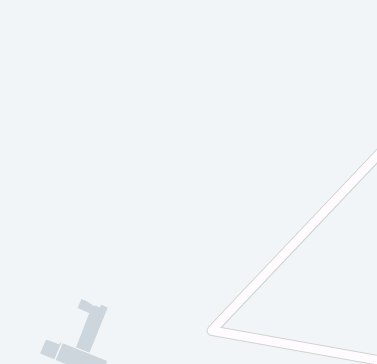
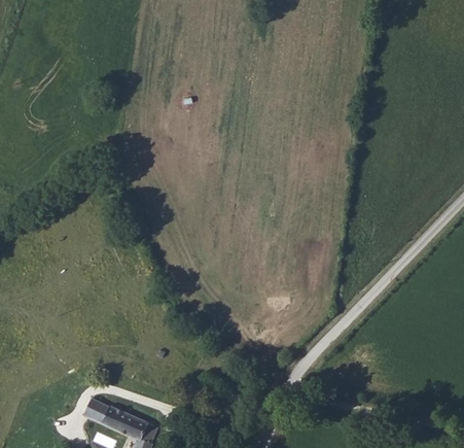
building: [75,298,109,353] -> none

